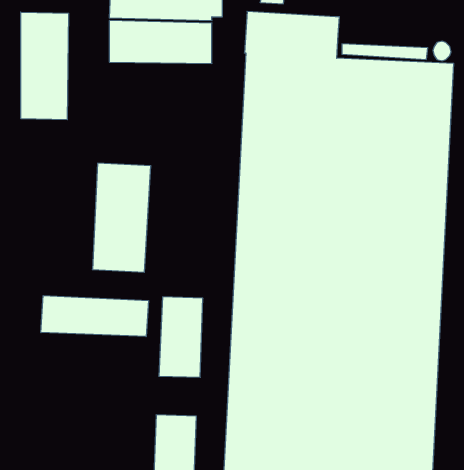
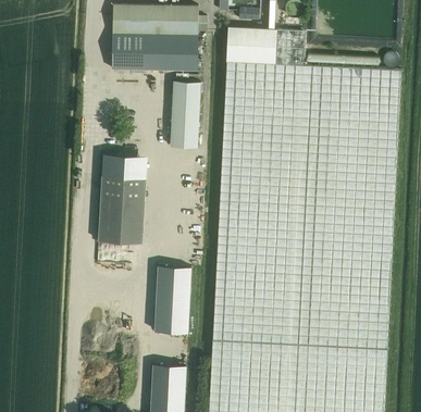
building: [21,12,69,120] -> none
building: none -> [174,79,202,146]
building: [41,296,148,337] -> none

